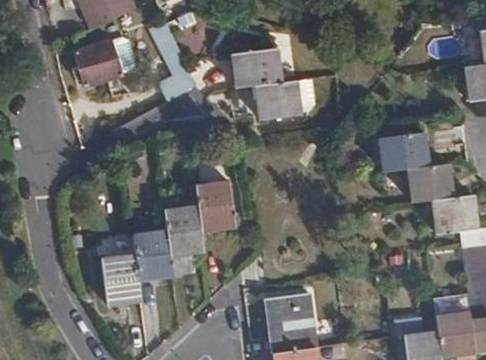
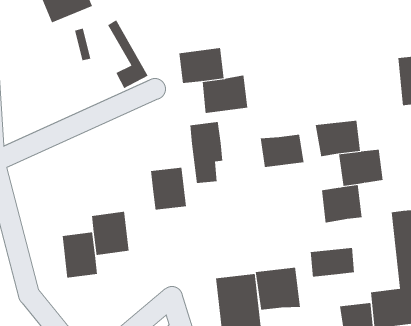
building: [74,37,123,83] -> none
building: none -> [260,134,304,168]
building: [430,193,475,234] -> [321,184,362,223]
building: [169,205,206,272] -> [189,121,223,183]
building: none -> [310,247,355,278]
building: none -> [255,267,300,311]

